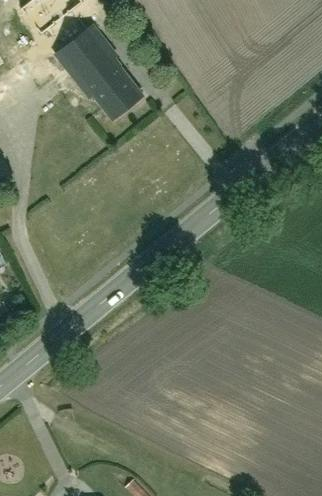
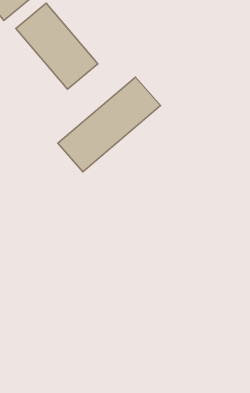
building: none -> [58,77,160,172]

